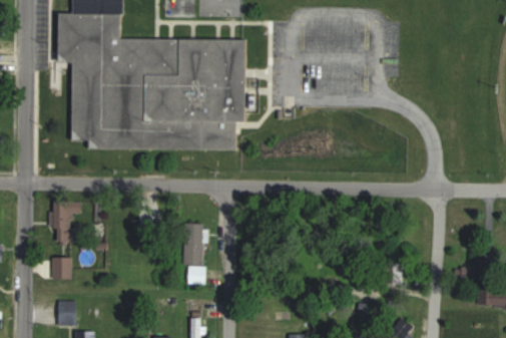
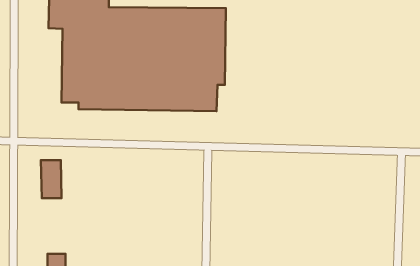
building: [183,224,202,284] -> none
building: [51,256,71,279] -> none

